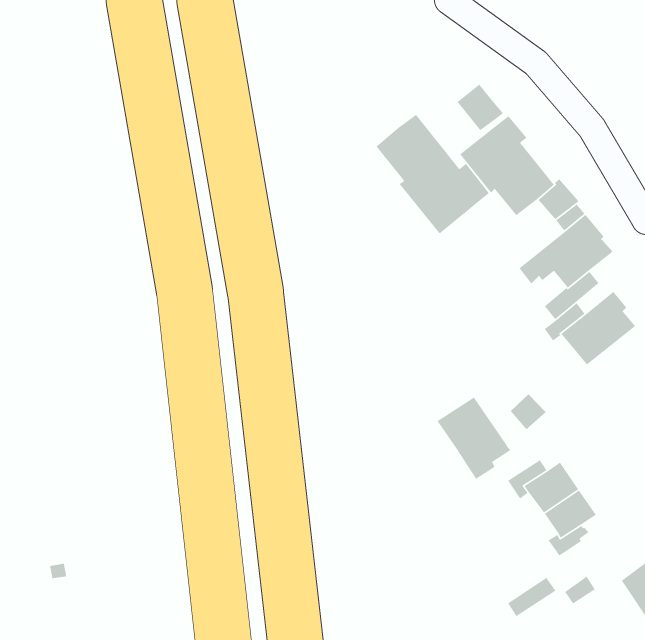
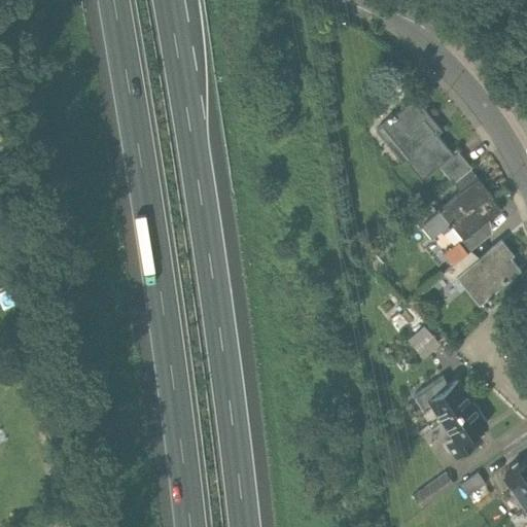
building: [457,84,504,131] -> none
building: [375,114,490,234] -> none
building: [437,396,511,480] -> none

